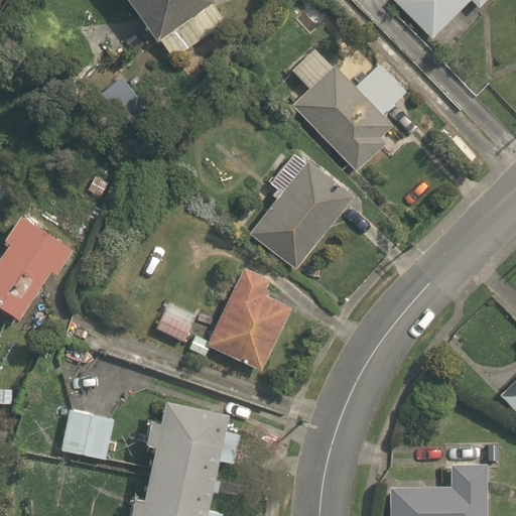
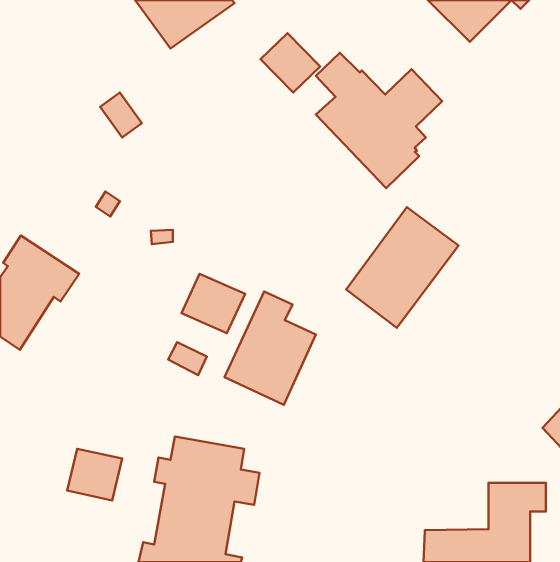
building: none -> [260,33,320,93]
building: [251,158,354,269] -> [346,207,458,328]
building: none -> [181,274,245,333]

